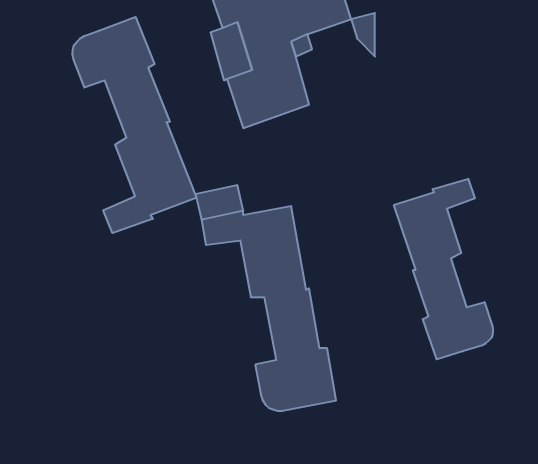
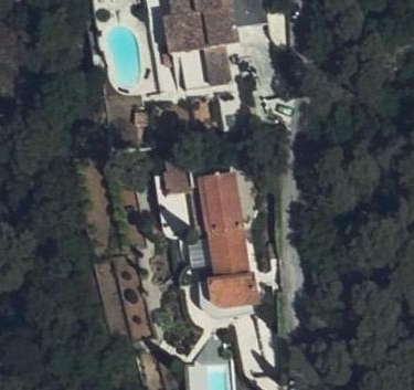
building: [73,17,196,233] -> none
building: [394,179,493,359] -> none

